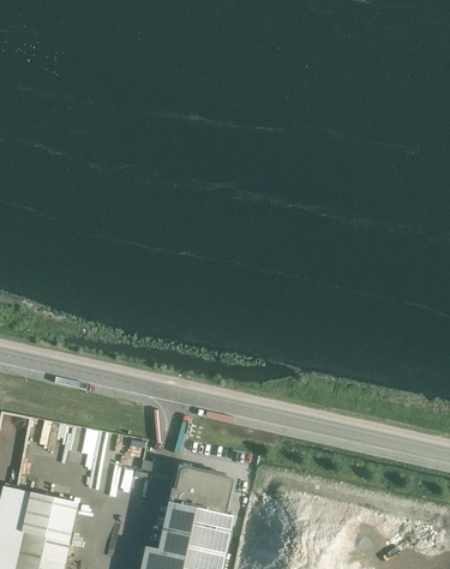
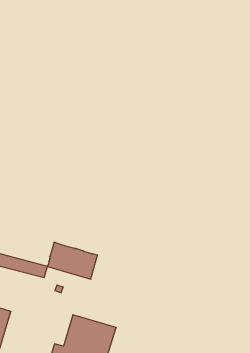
building: [168,467,240,517] -> [48,242,97,279]

